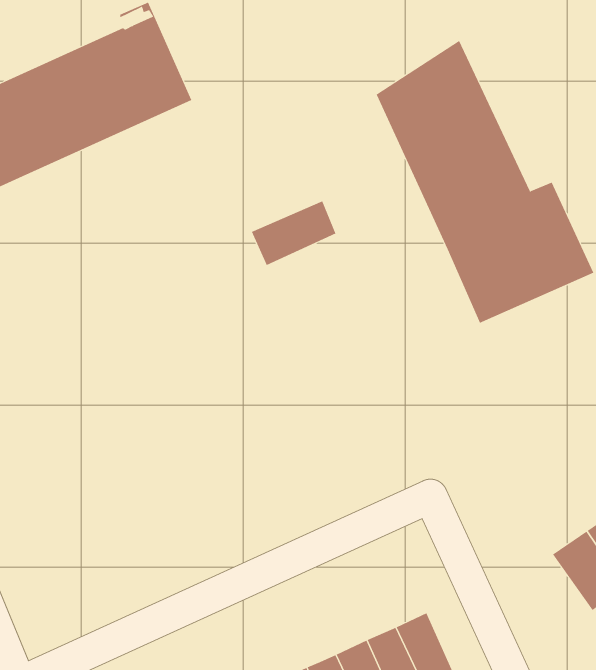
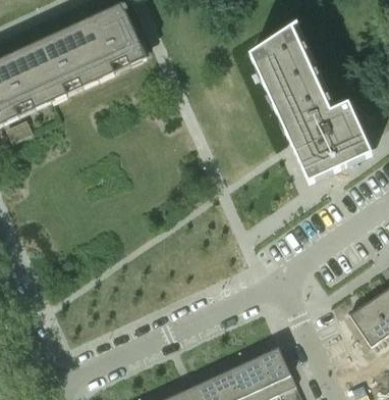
building: [251,201,336,266] -> none

